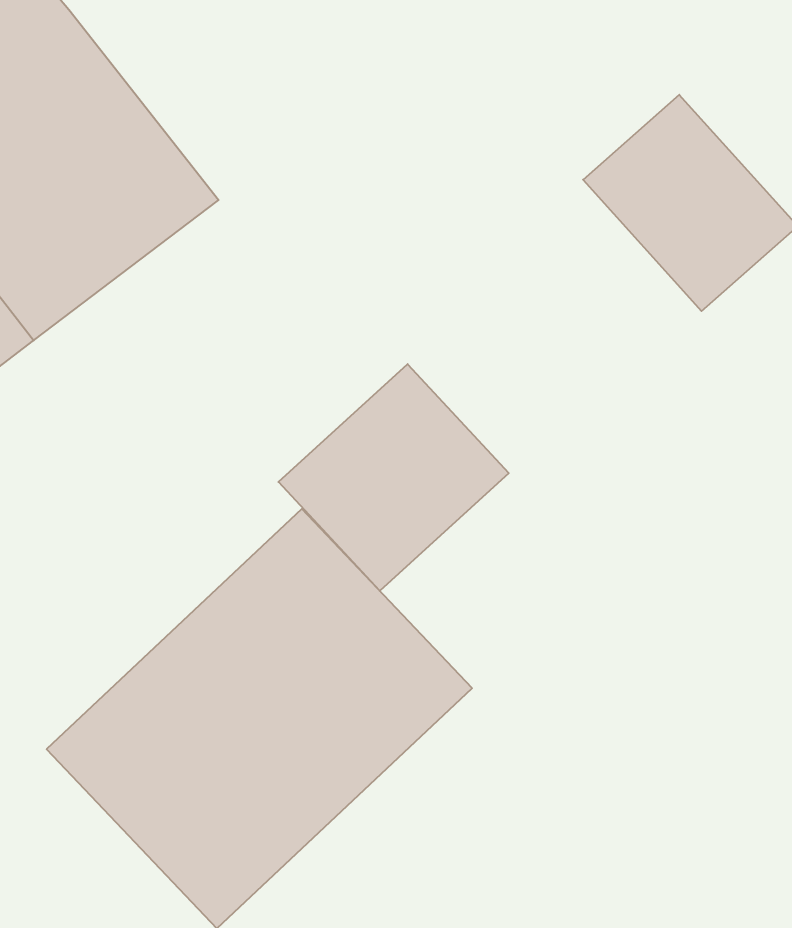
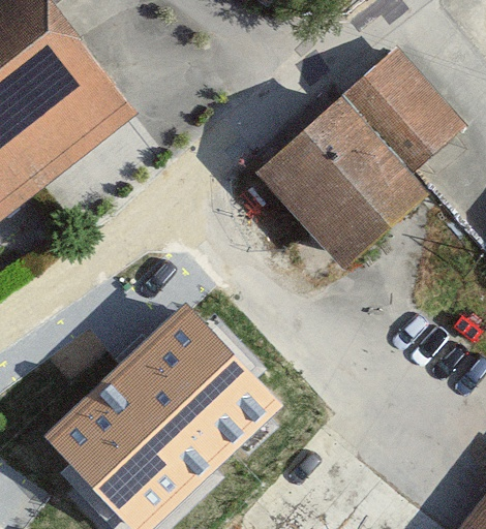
building: none -> [256,103,429,276]
building: [278,364,509,591] -> none

